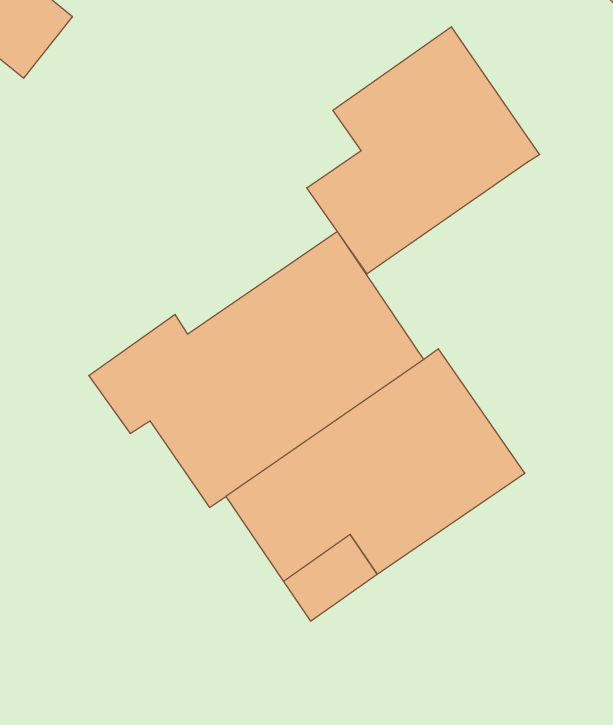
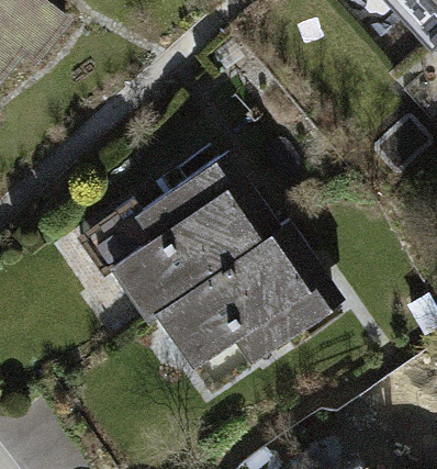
building: [307,27,540,274] -> none

